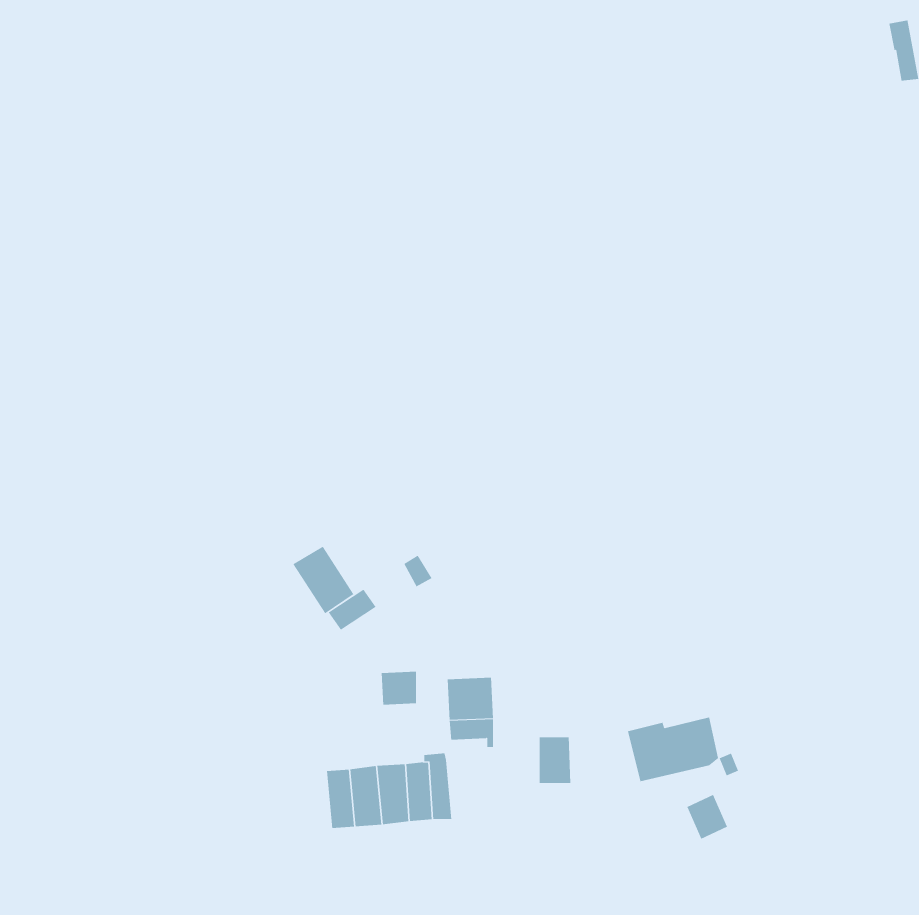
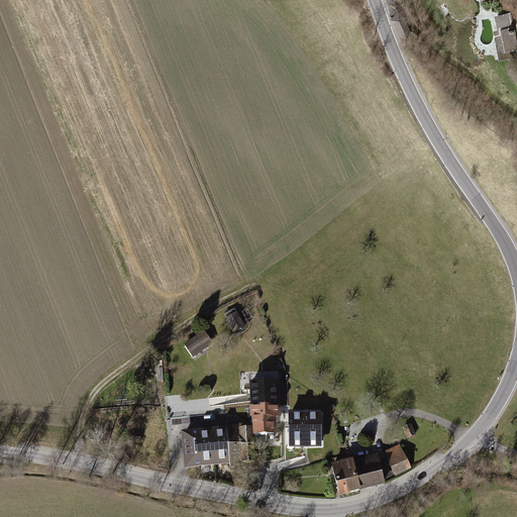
building: [293,546,354,614] -> none
building: [381,671,417,705] -> [252,414,273,433]
building: [627,717,719,782] -> [331,455,383,492]
building: none -> [288,413,302,439]

